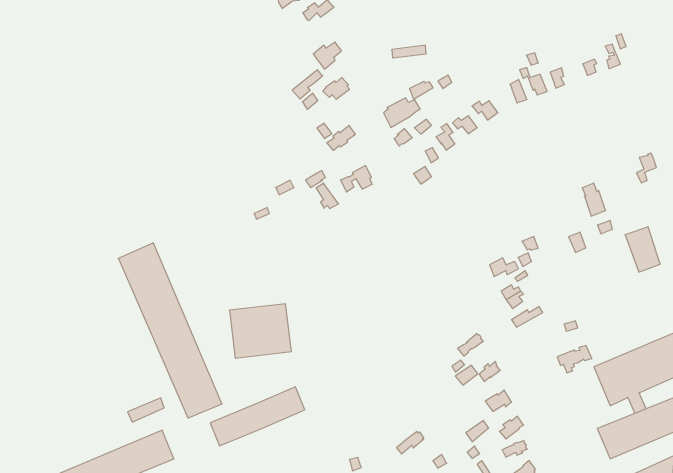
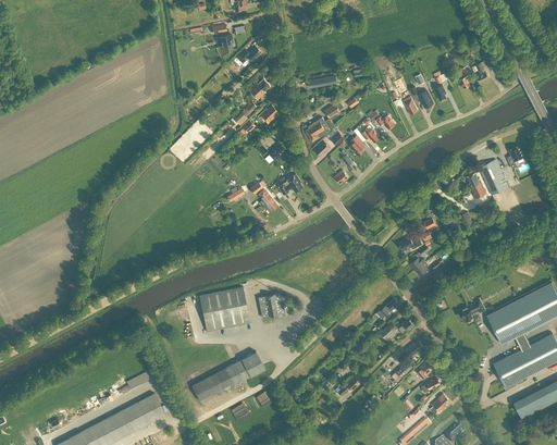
building: [625,227,660,272] -> [479,159,508,195]
building: [119,243,222,418] -> none
building: none -> [258,293,285,318]

